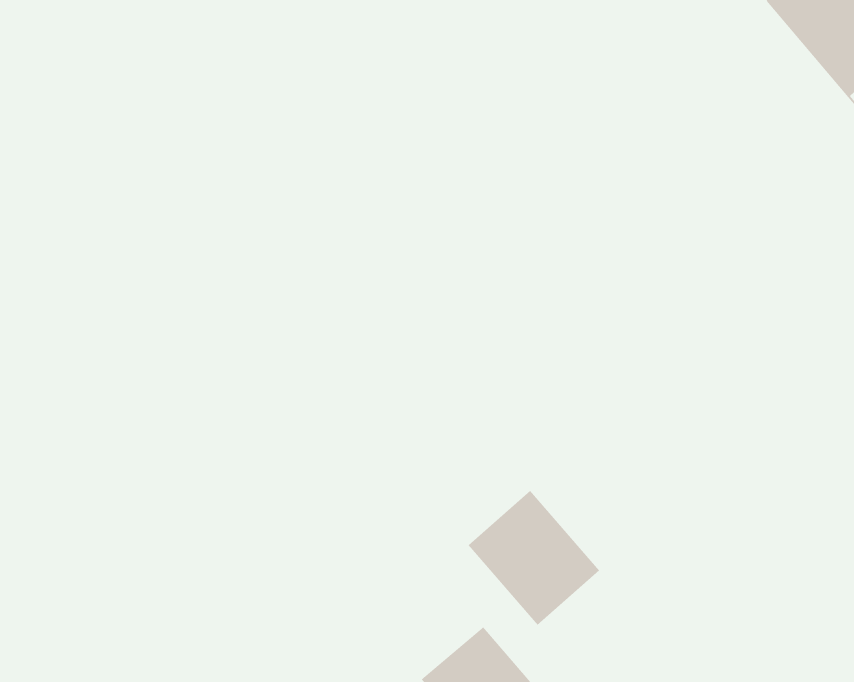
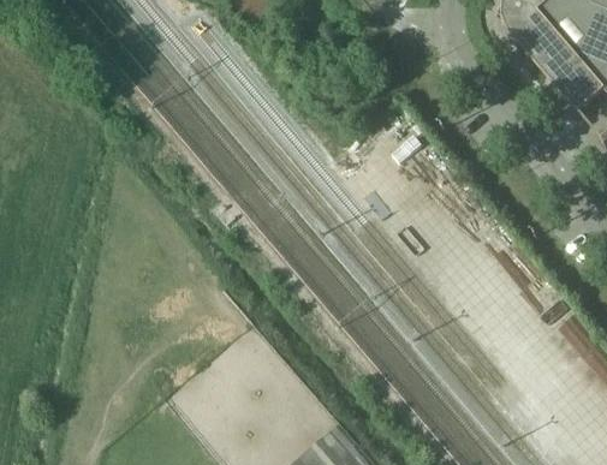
building: [468,490,600,625] -> none

